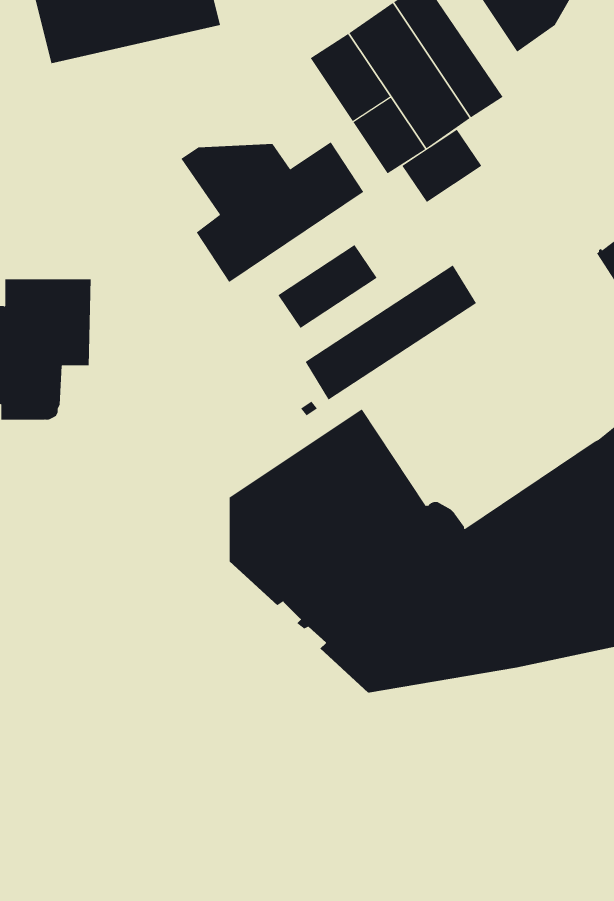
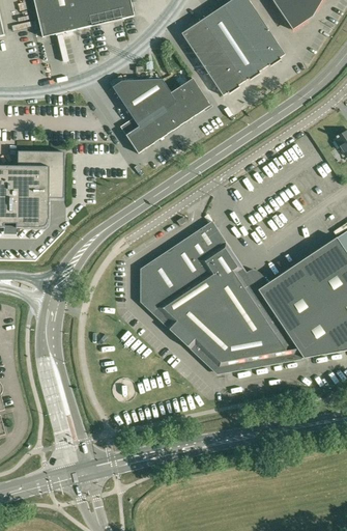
building: [401,129,482,203] -> none
building: [277,244,378,329] -> none
building: [305,265,477,400] -> none

